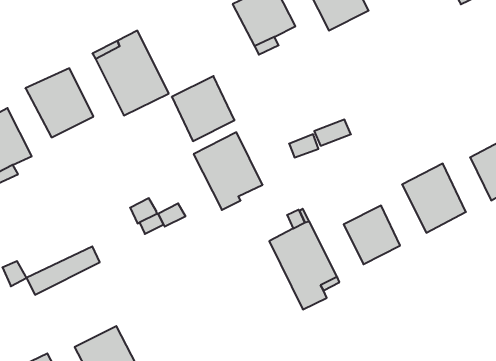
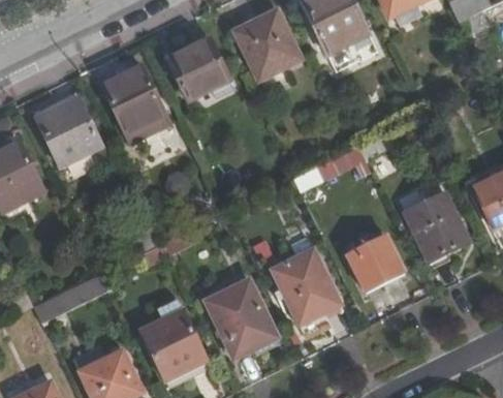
building: [172,76,235,141] -> [170,35,232,99]
building: [194,132,263,210] -> [207,280,275,357]
building: none -> [142,309,208,377]

